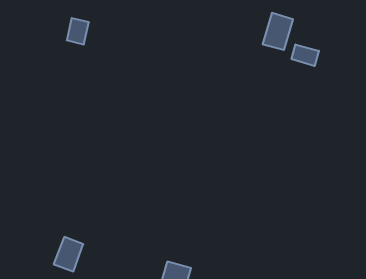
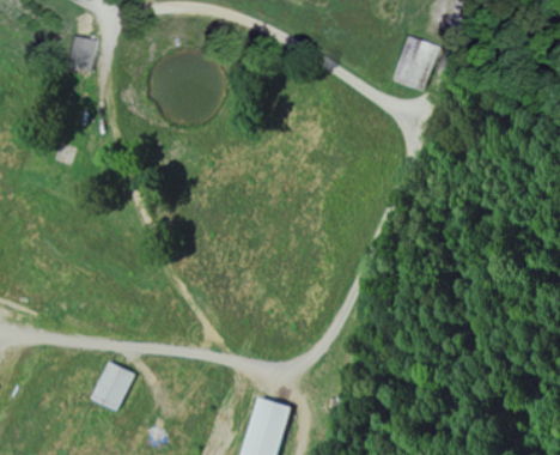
building: [67,18,89,44] -> [68,35,101,73]
building: [292,44,319,66] -> none

